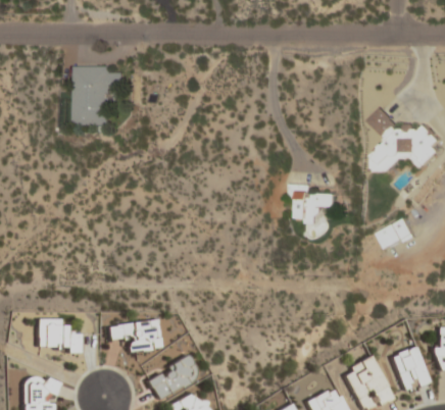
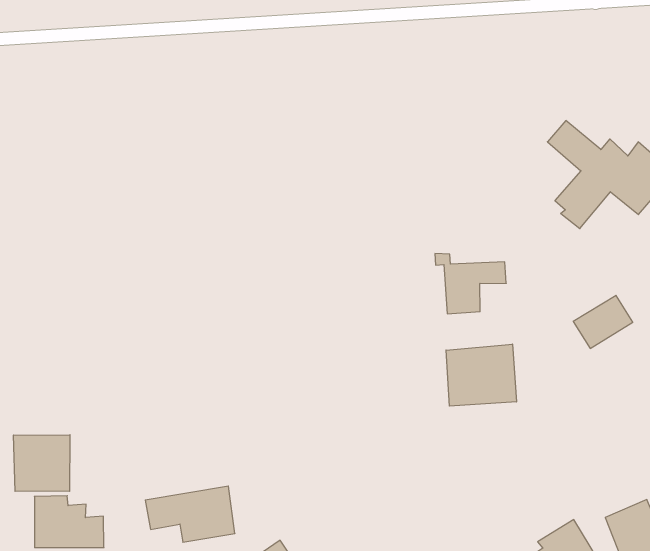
building: [78,65,126,124] -> none
building: none -> [446,344,516,406]
building: none -> [14,435,70,491]

